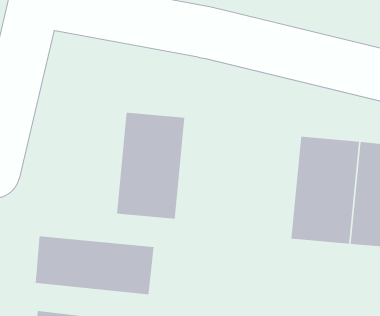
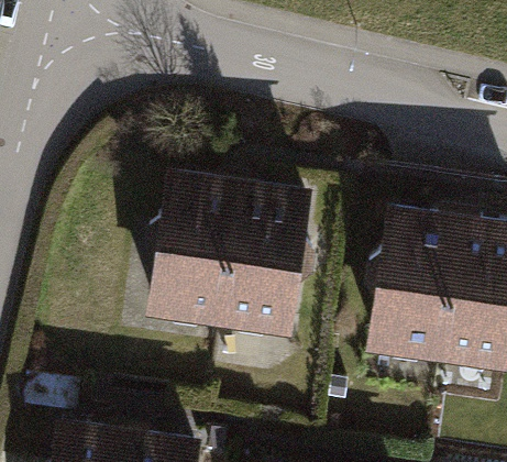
building: none -> [224,183,310,317]
building: [35,235,154,295] -> none

